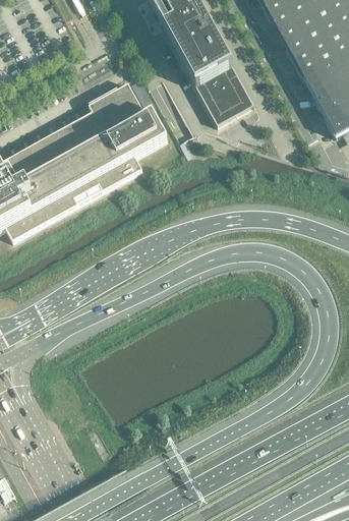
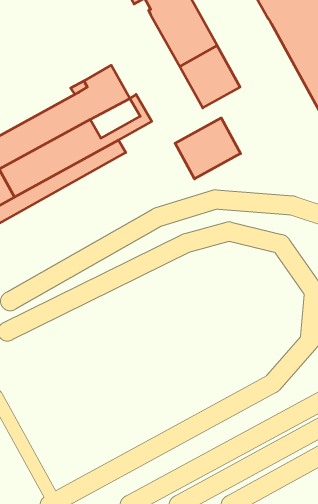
building: [107,113,156,152] -> none
building: none -> [175,118,241,179]

